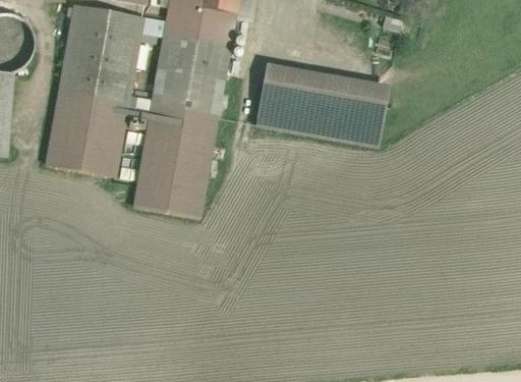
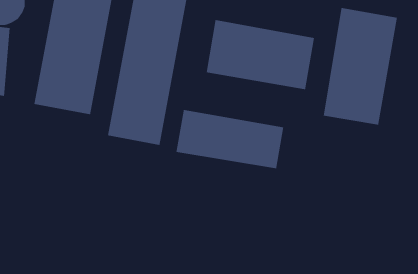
building: none -> [323,7,397,126]
building: none -> [176,109,284,169]

